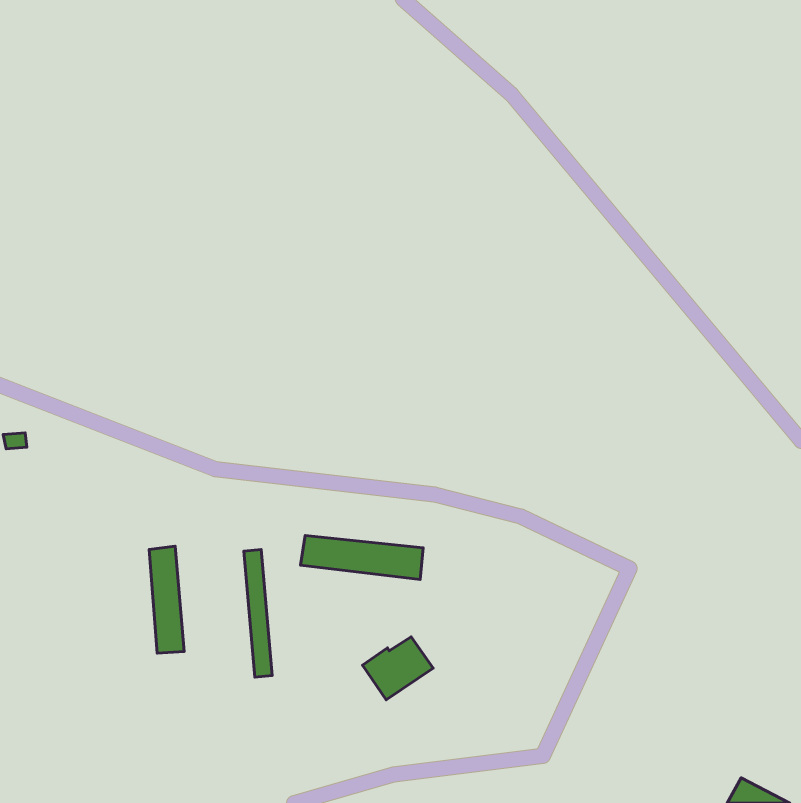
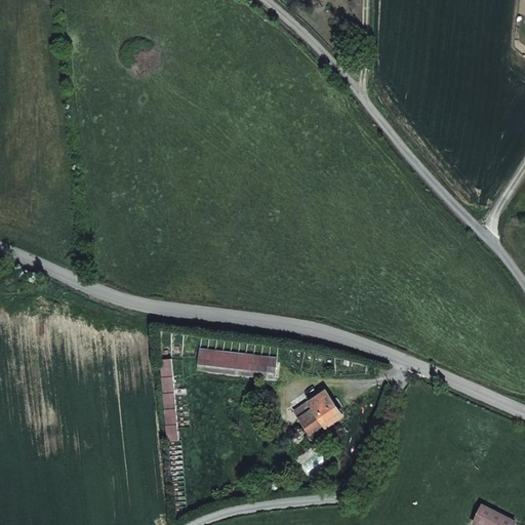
building: [149,546,184,653] -> none
building: [362,637,433,700] -> [294,393,340,434]

